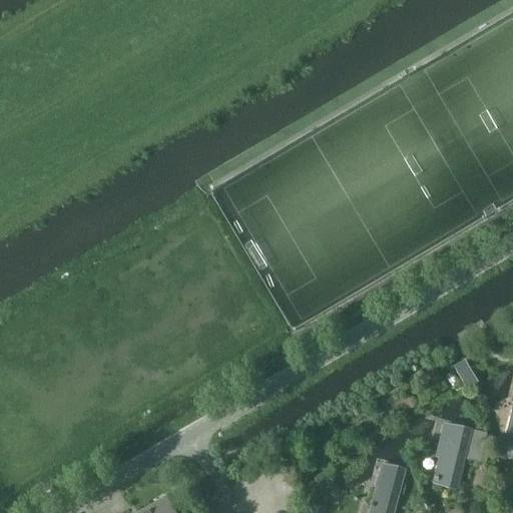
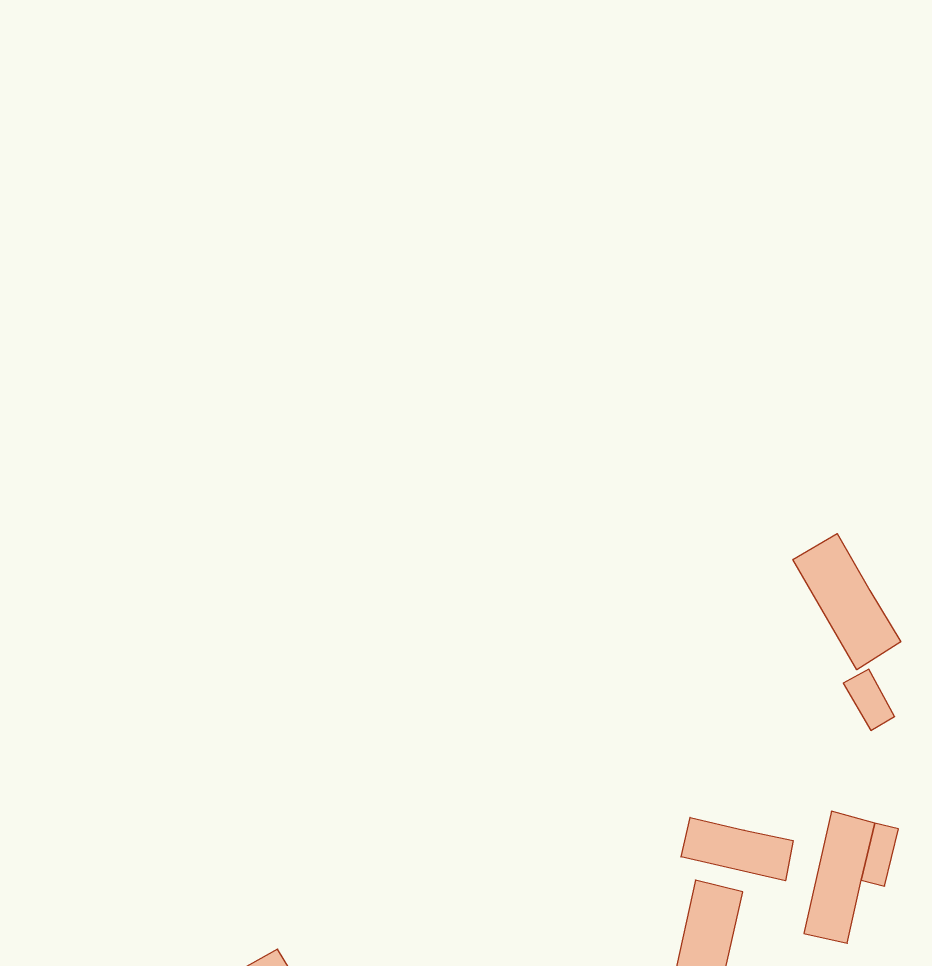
building: none -> [793,534,901,670]
building: none -> [681,817,793,881]

